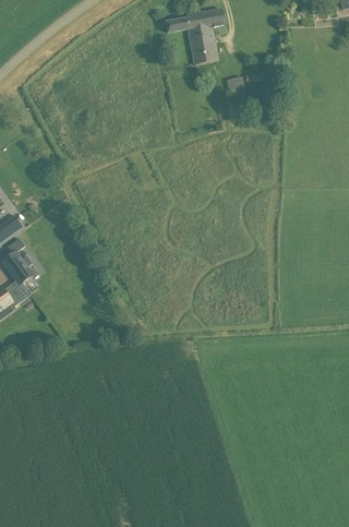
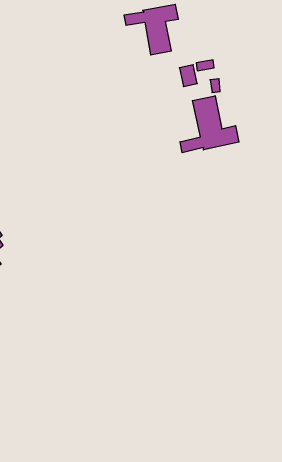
building: none -> [180,96,239,153]

